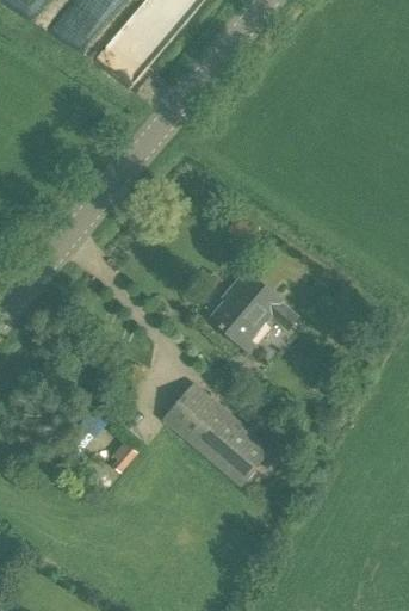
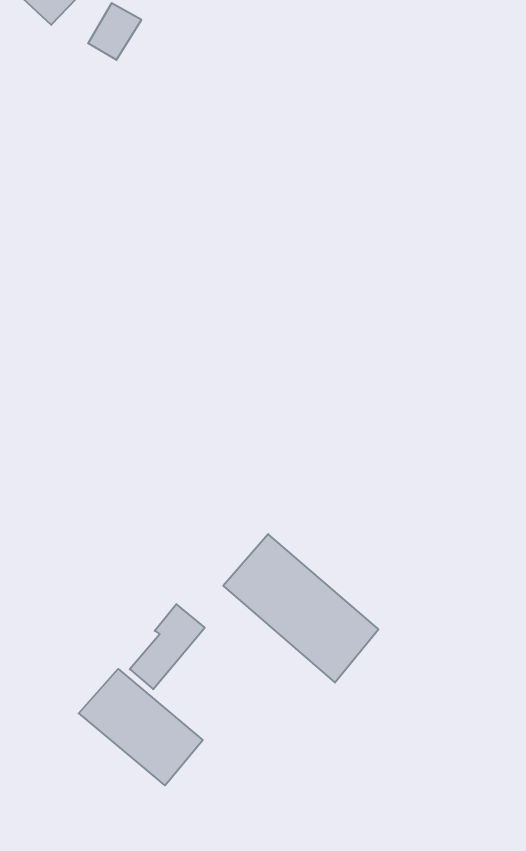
building: [209,270,299,347] -> none
building: none -> [79,669,203,785]

